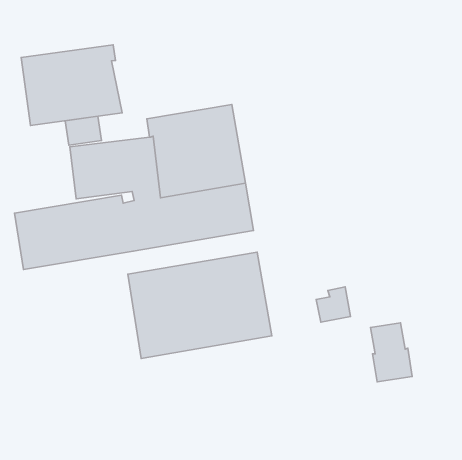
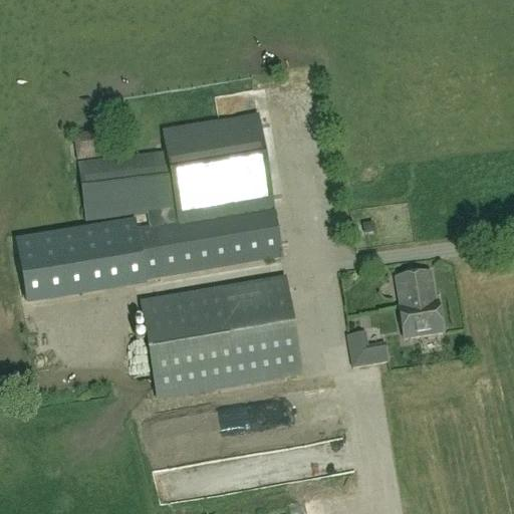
building: [21,45,122,125] -> none
building: [371,323,412,382] -> [398,272,444,337]

